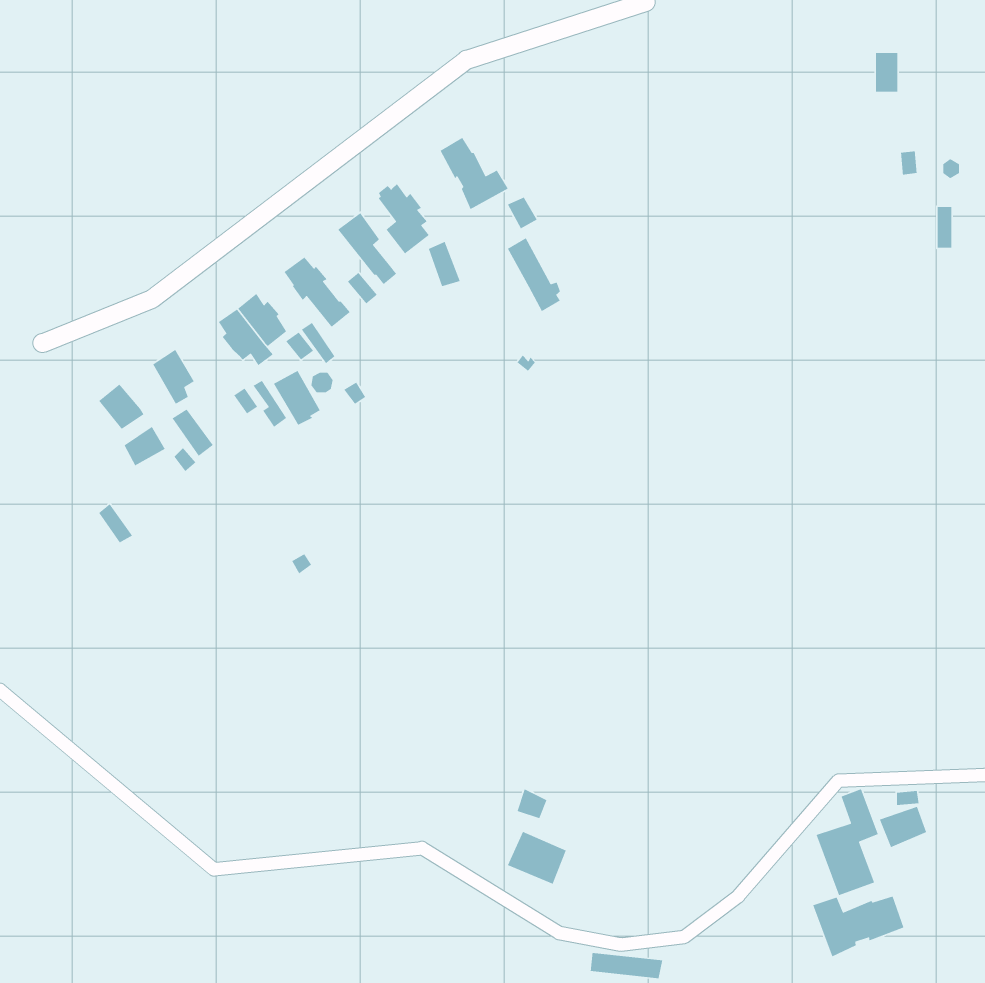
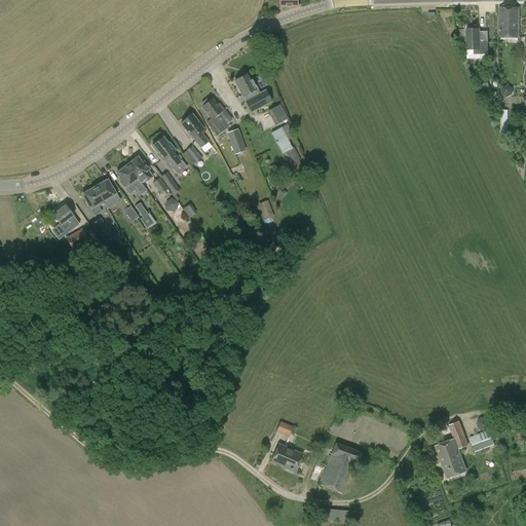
building: none -> [498,7,518,37]
building: [273,370,321,426] -> [93,179,119,209]
building: none -> [318,442,362,492]
building: [812,895,904,957] -> none

